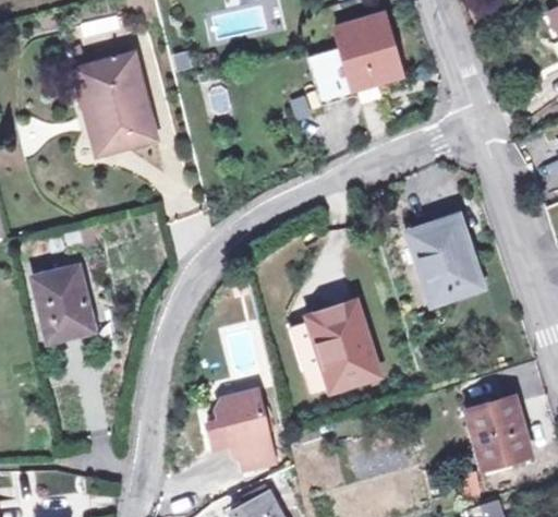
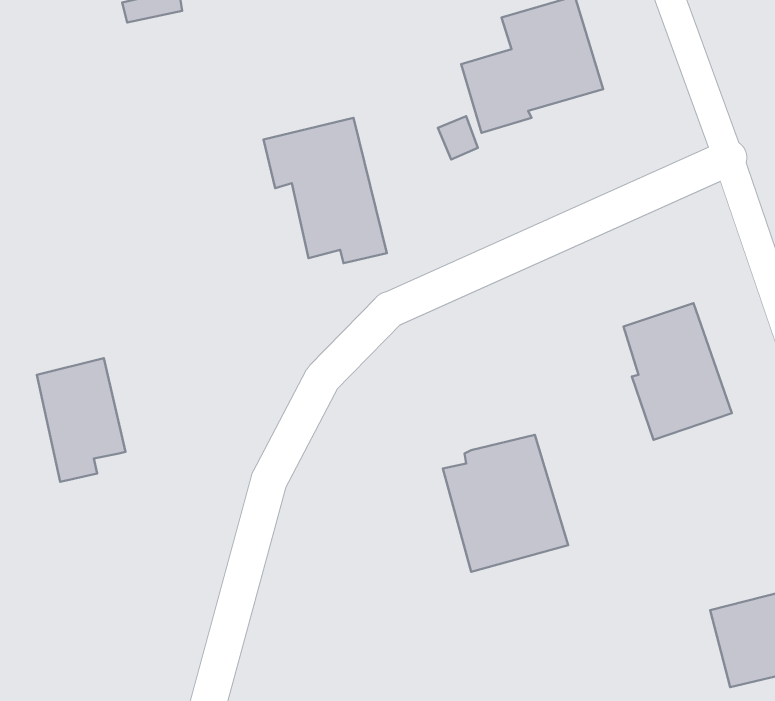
building: [75,50,156,145] -> [263,118,387,263]
building: [208,388,276,467] -> none

